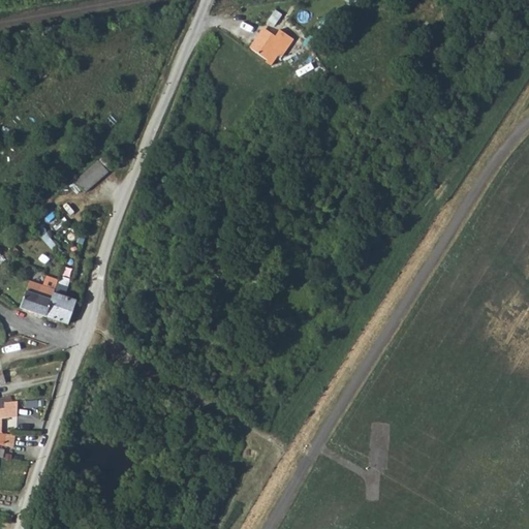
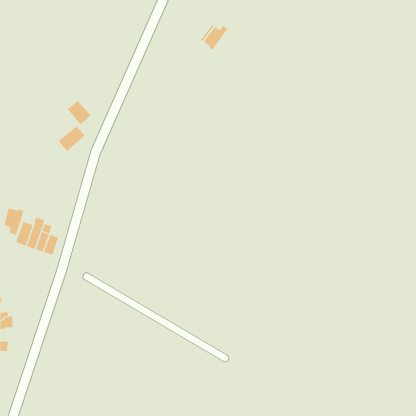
building: none -> [67,100,91,125]
building: none -> [3,208,24,236]

